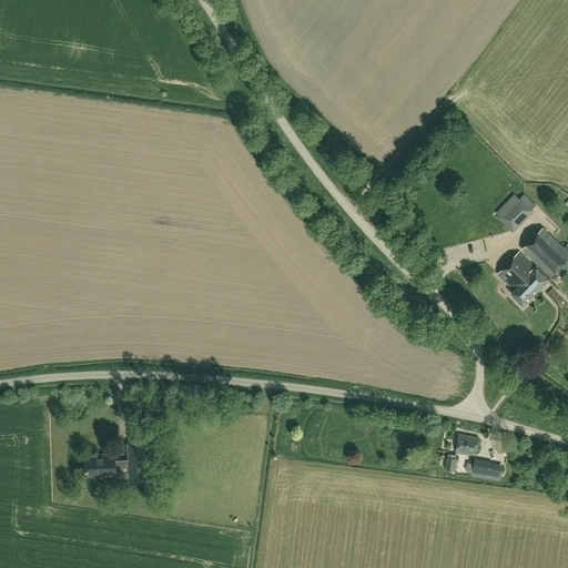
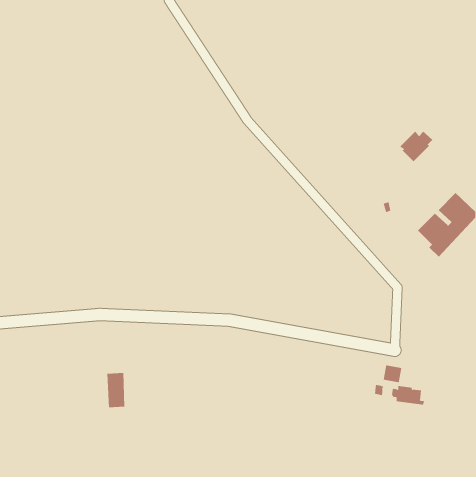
building: [495,194,535,232] -> [400,131,433,162]
building: [84,455,114,476] -> none

